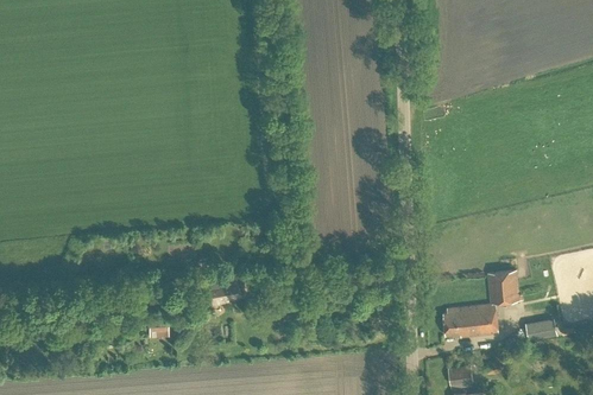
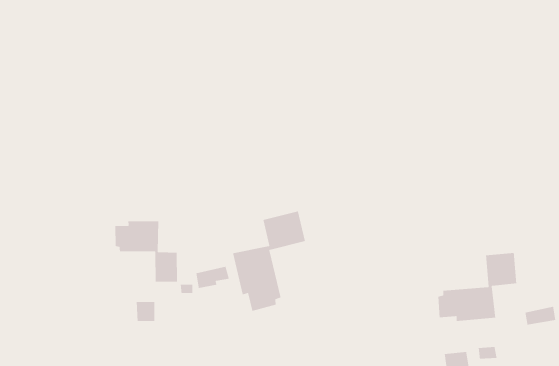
building: none -> [232,211,306,312]
building: none -> [114,221,178,283]

